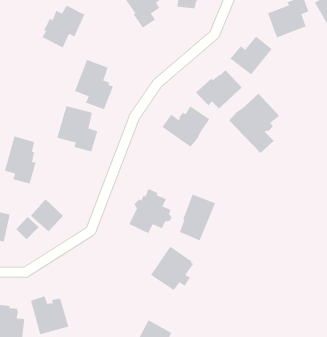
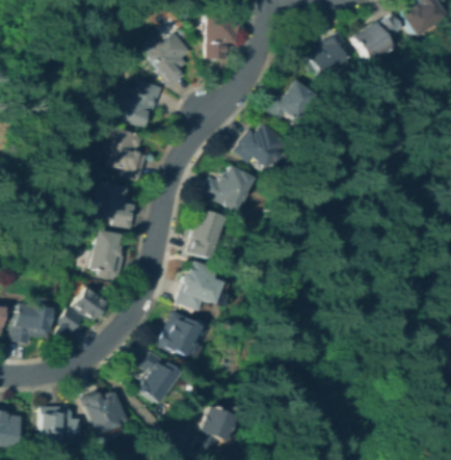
building: [41,5,85,48] -> [116,79,161,127]
building: [229,93,280,154] -> none
building: [4,136,36,184] -> [89,228,124,279]
building: [179,194,216,241] -> [189,209,226,260]
building: [150,246,194,291] -> [158,310,205,359]
building: none -> [138,351,180,403]

